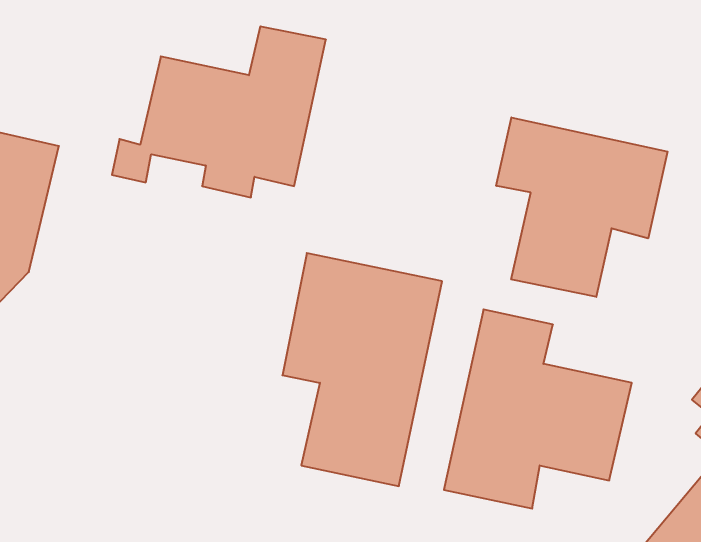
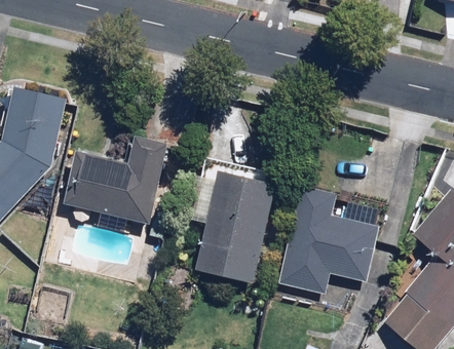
building: [112,26,326,197] -> [49,138,166,231]
building: [496,117,668,297] -> none

